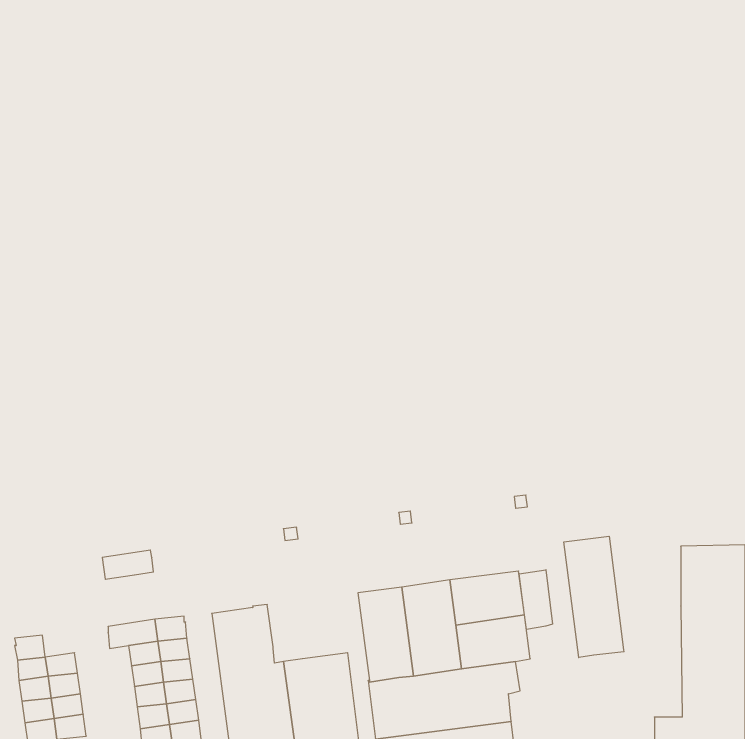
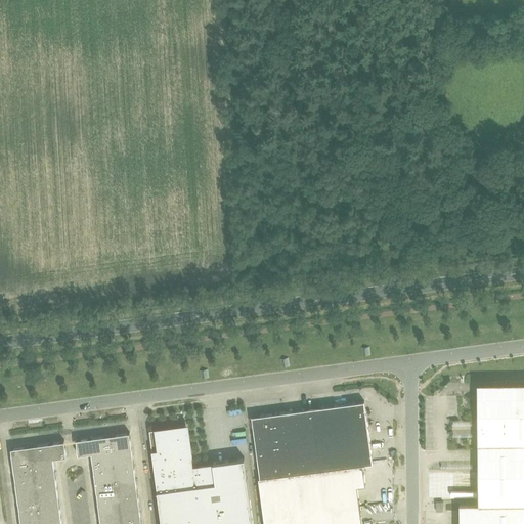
building: [564,536,624,658] -> none
building: [102,550,153,579] -> [30,445,66,466]
building: [519,570,553,630] -> none

